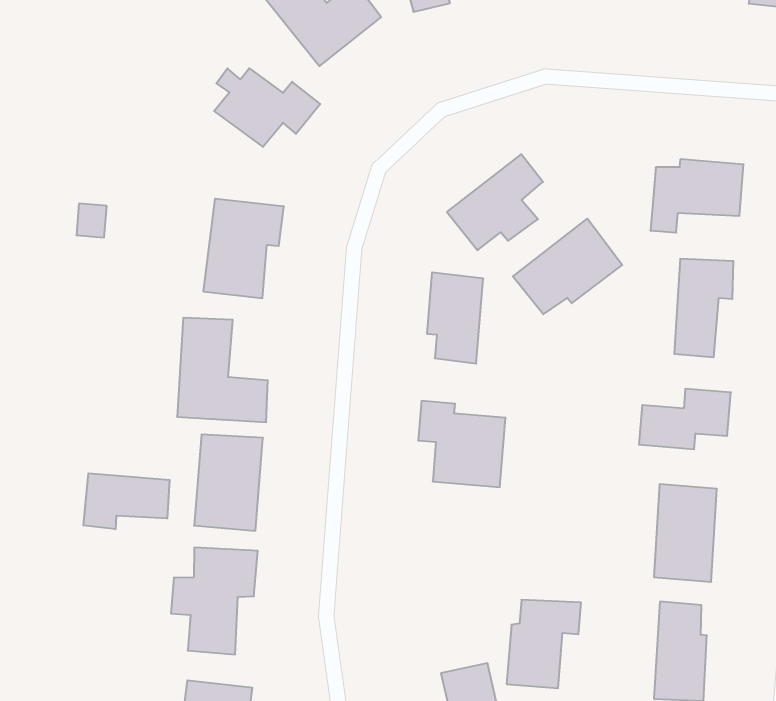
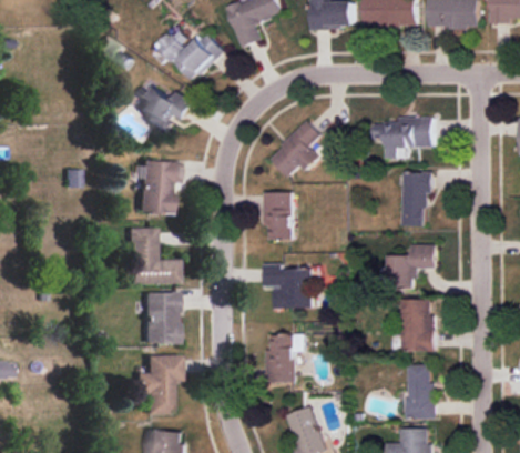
building: [513,219,622,314] -> none
building: [83,473,170,529] -> none
building: [507,600,581,688] -> [265,334,303,383]

